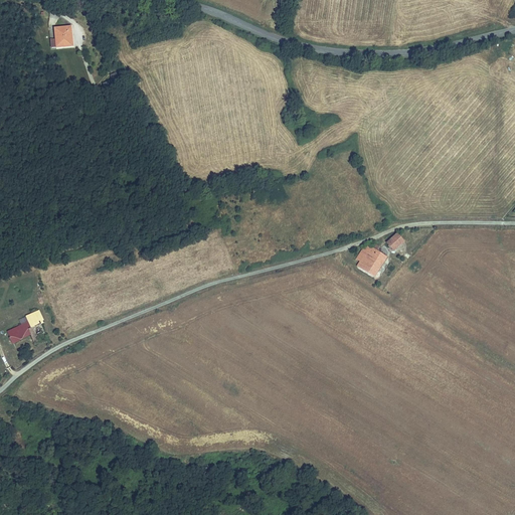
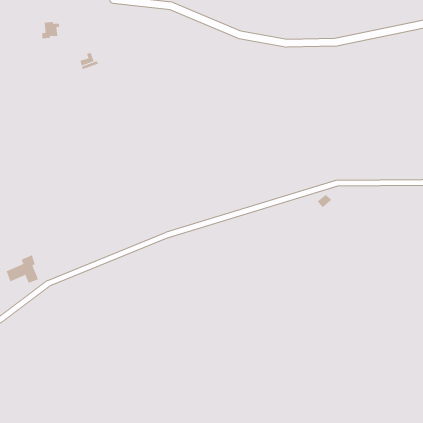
building: [360,243,384,274] -> none

